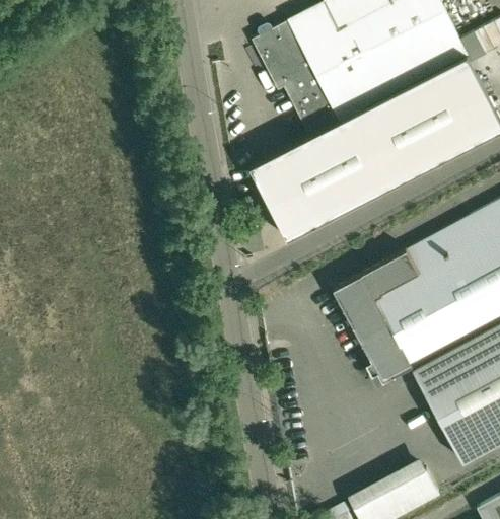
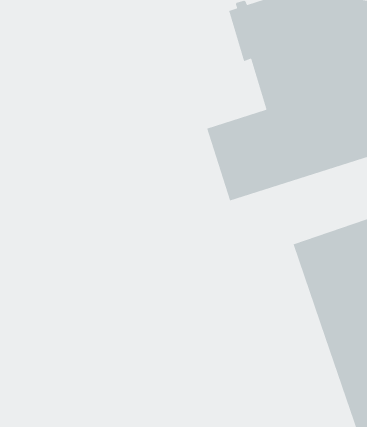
building: [335,275,413,382] -> none

